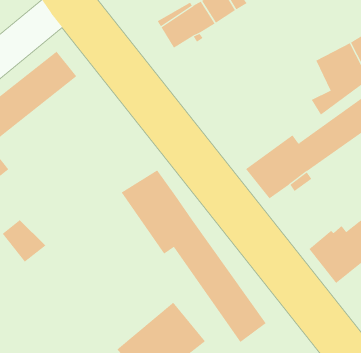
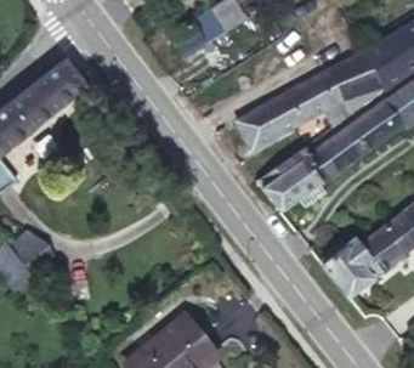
building: none -> [237,69,344,149]
building: [121,170,267,343] -> none

